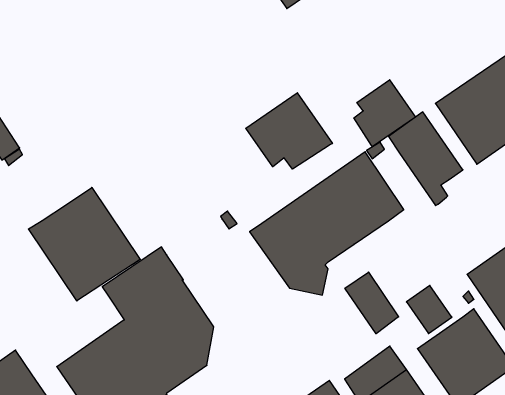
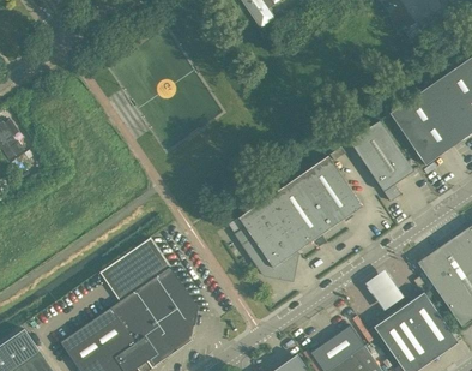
building: [354,80,415,147] -> none
building: [246,93,332,169] -> none
building: [28,187,140,301] -> none
building: [345,272,399,334] -> none

